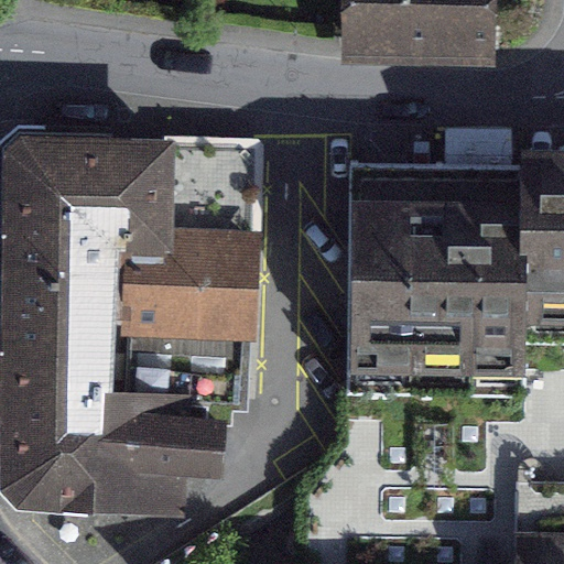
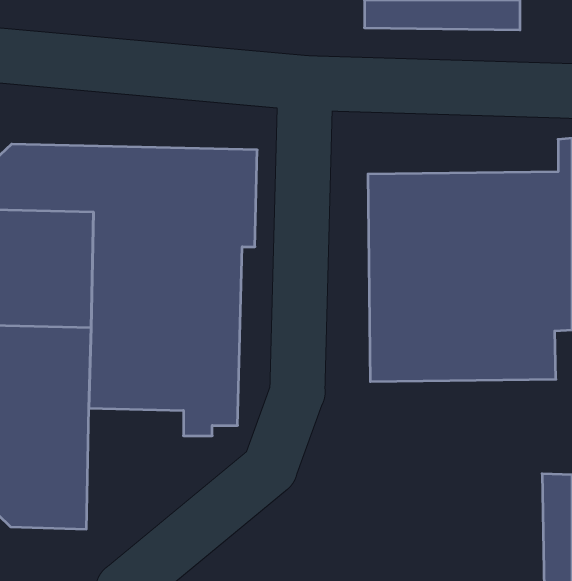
building: [83,398,203,514] -> none

